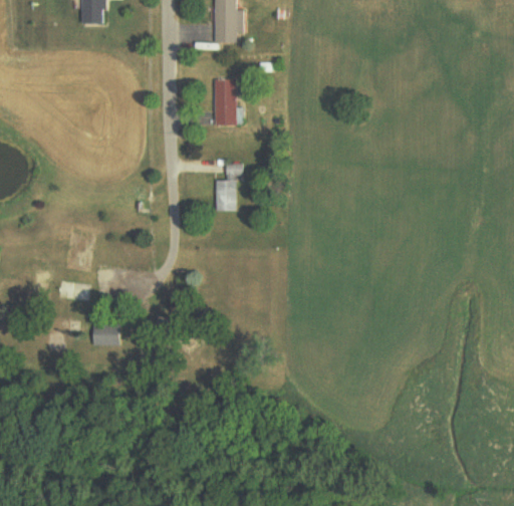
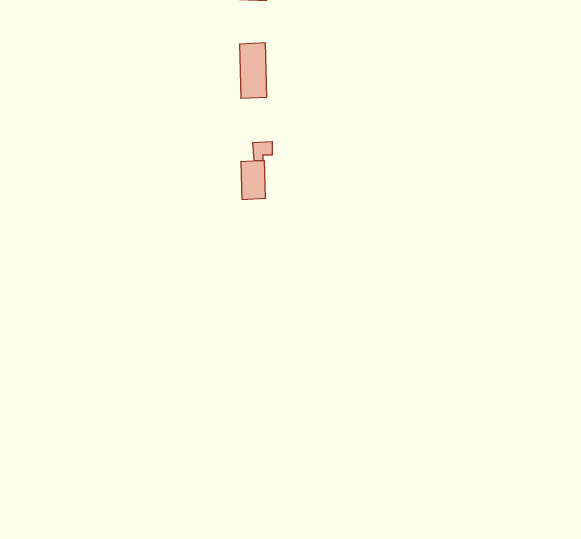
building: [93,324,120,344] -> none

